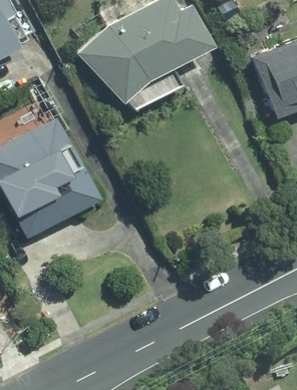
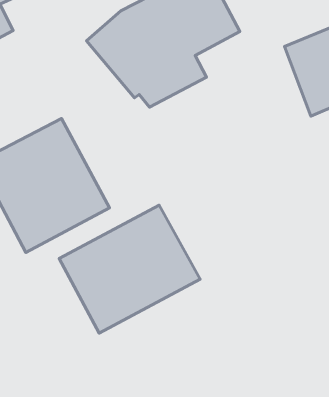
building: none -> [59,205,200,333]

